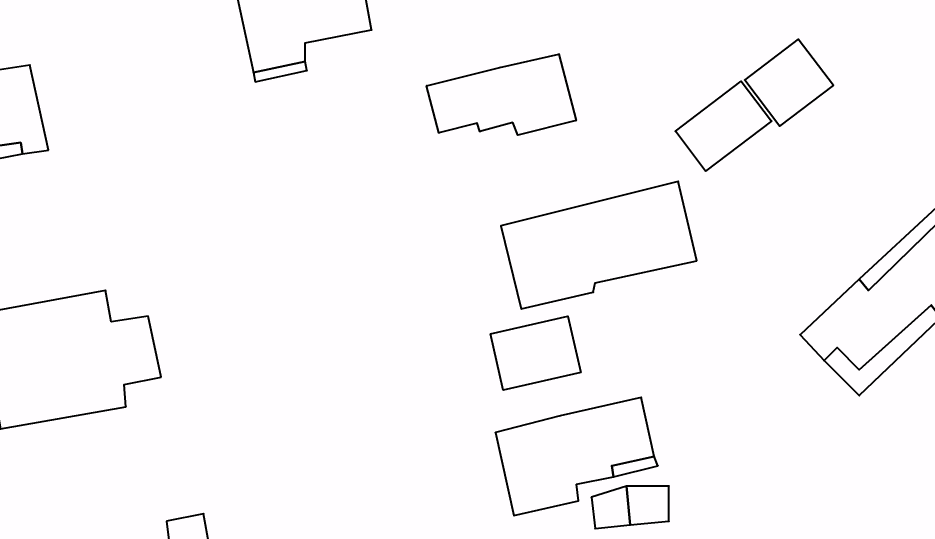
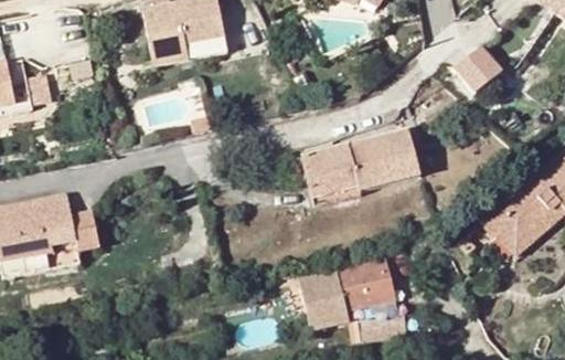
building: [427,54,576,135] -> none
building: [675,81,772,171] -> none
building: [491,316,581,390] -> none

